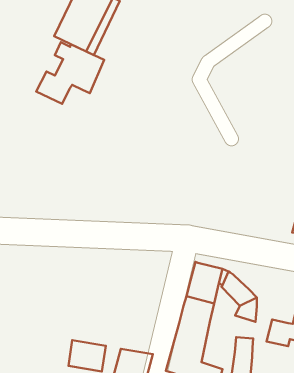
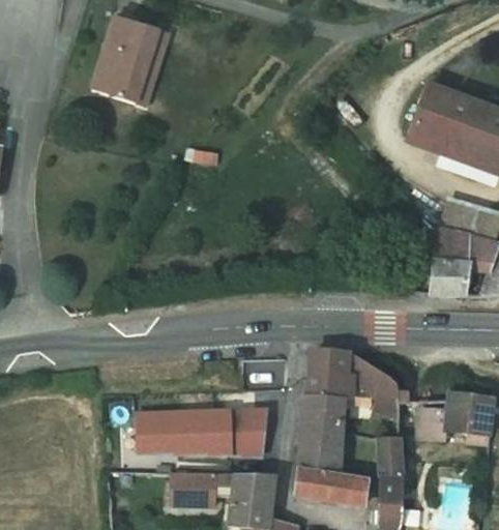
building: [36,42,104,104] -> none
building: none -> [131,407,261,453]

